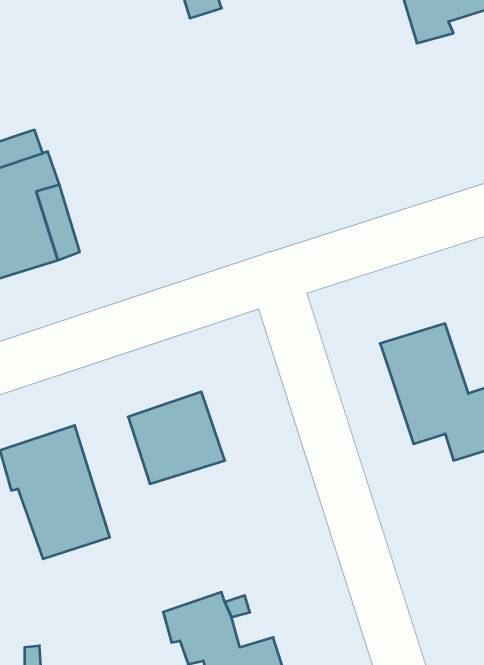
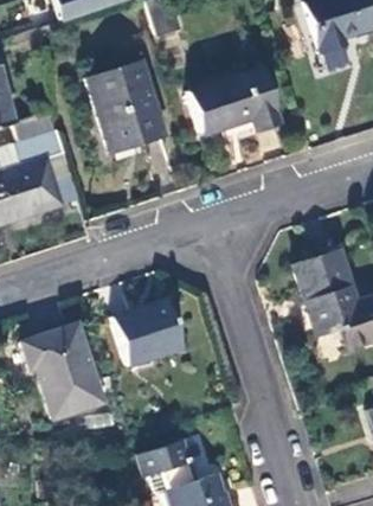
building: none -> [86,60,165,148]
building: none -> [191,66,279,136]

